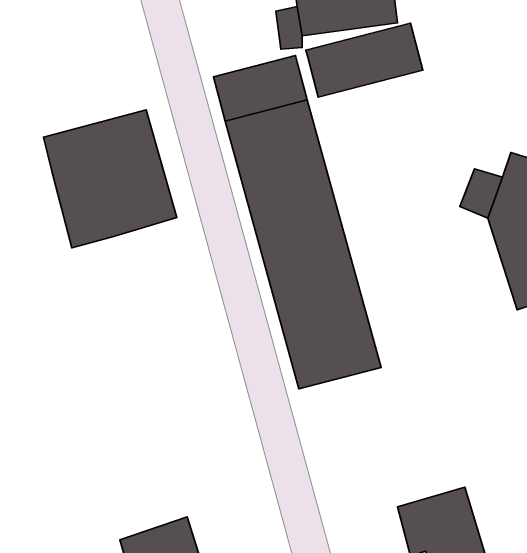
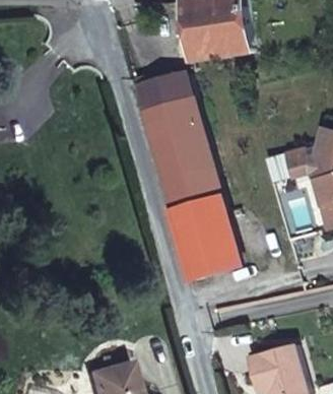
building: [306,23,423,97] -> none
building: [44,110,177,248] -> none

